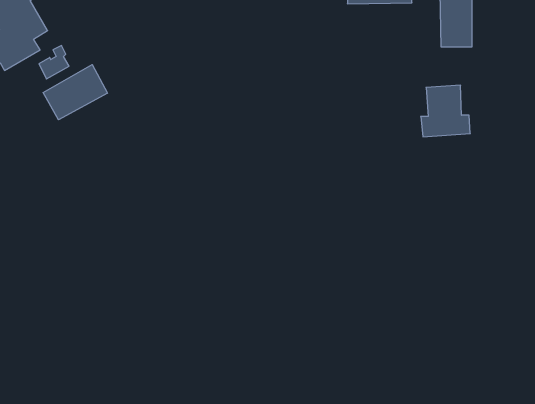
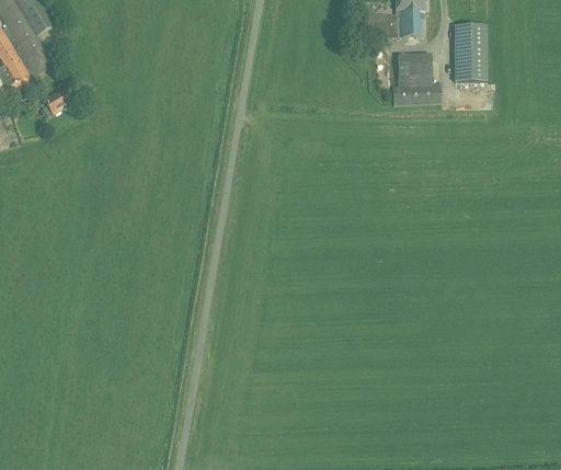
building: [43,65,107,120] -> none
building: [421,85,470,137] -> [389,51,439,104]

